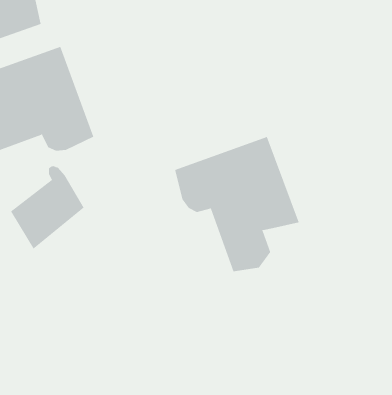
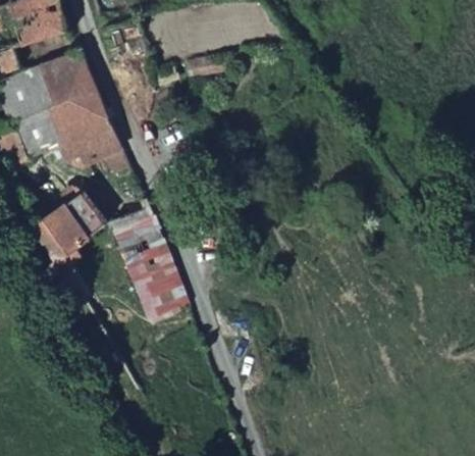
building: [175,136,300,272] -> none
building: none -> [112,205,189,318]

